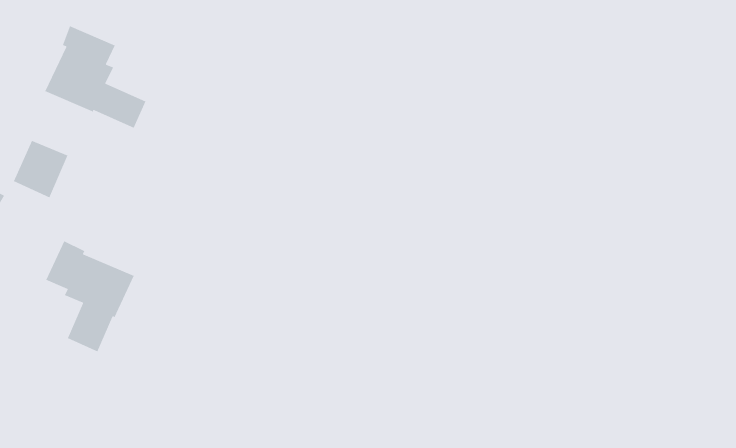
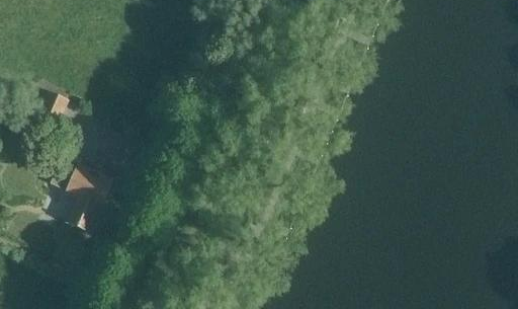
building: [44,25,146,129] -> none

